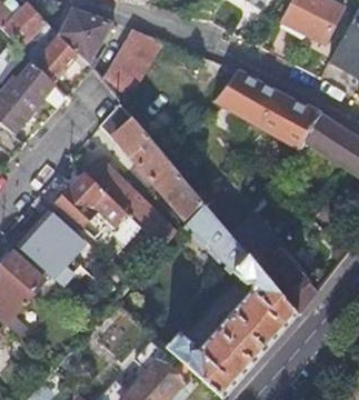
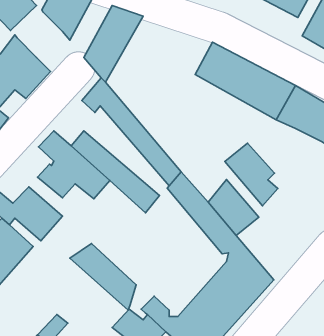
building: [33,36,80,82] -> none
building: [259,247,313,311] -> [225,143,278,206]
building: none -> [70,243,136,310]

